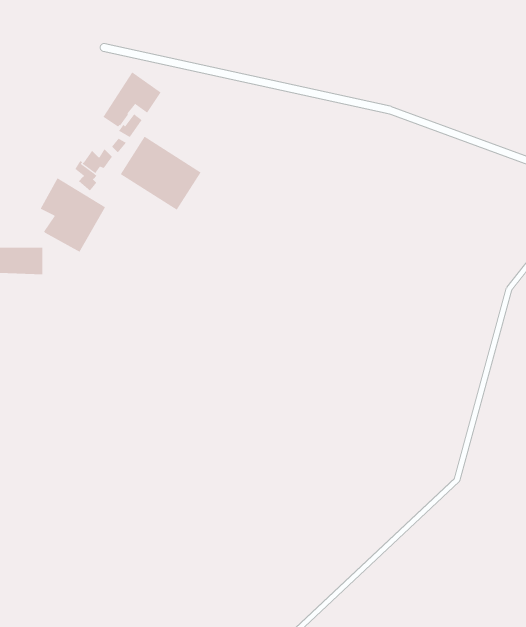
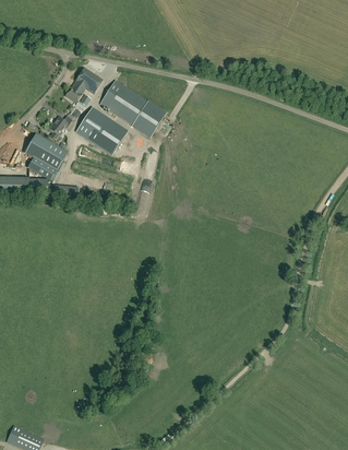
building: none -> [99,80,165,137]

